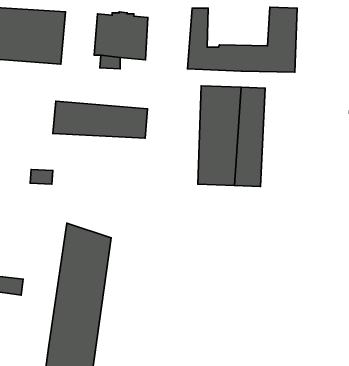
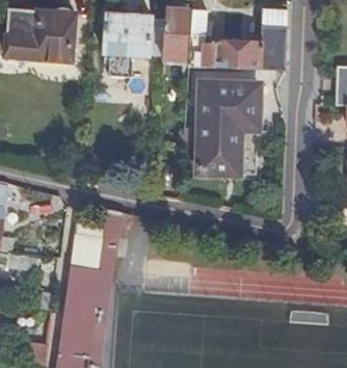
building: none -> [164,8,189,52]
building: [53,101,147,138] -> none

